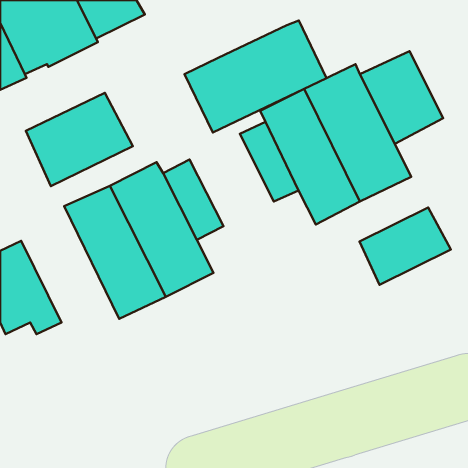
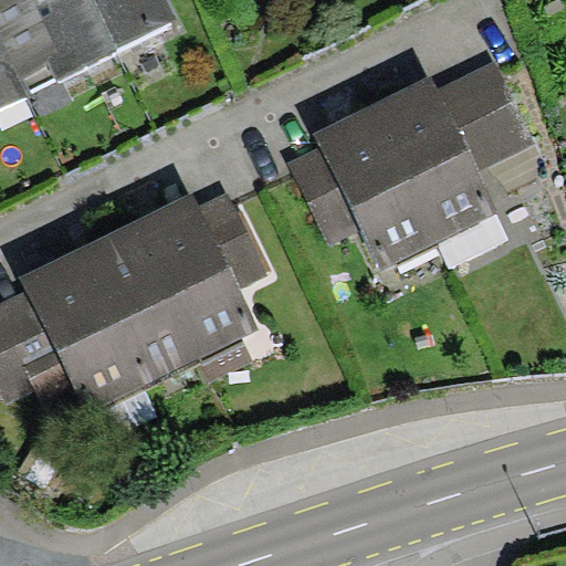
building: [185,21,326,133] -> none
building: [26,93,133,186] -> none
building: none -> [19,249,144,413]
building: [359,208,451,285] -> none

